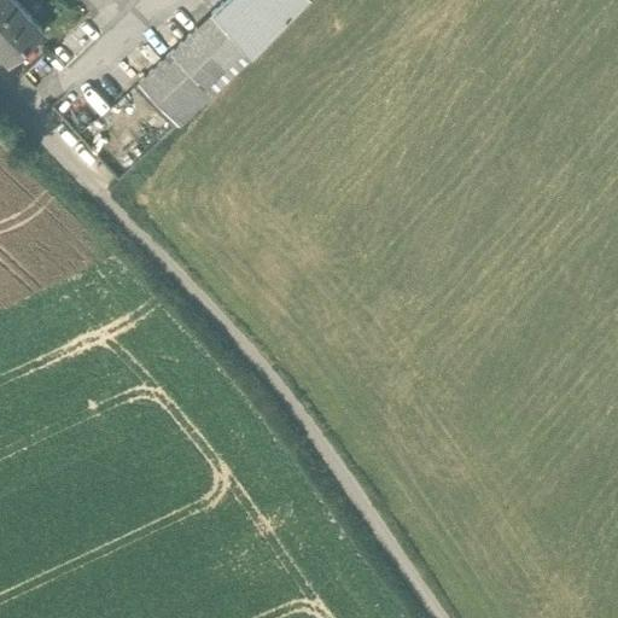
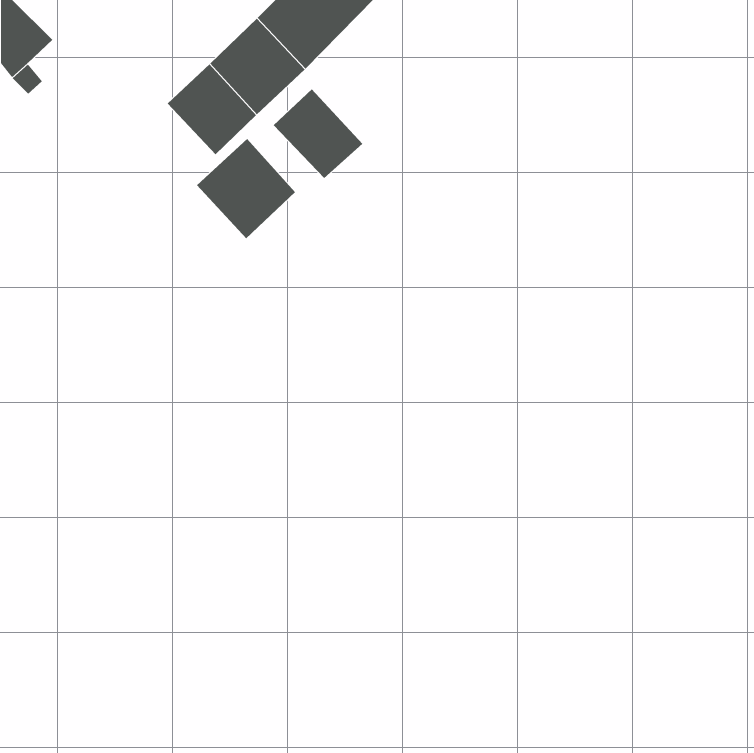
building: none -> [273,88,363,179]
building: none -> [196,138,296,239]

